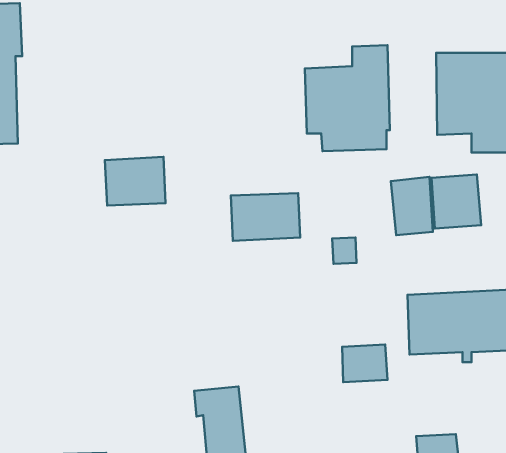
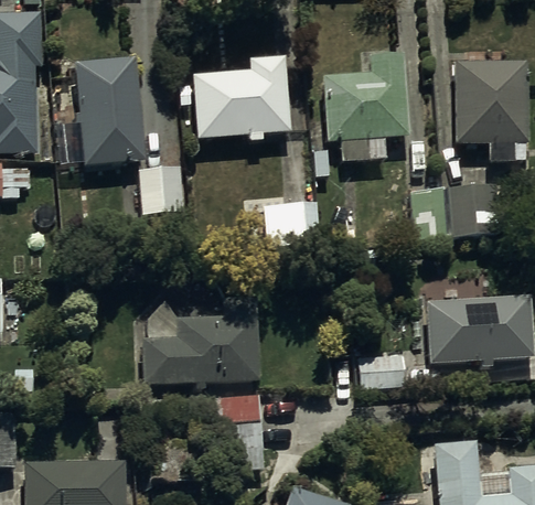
building: none -> [75,56,147,168]
building: none -> [193,58,290,143]
building: none -> [141,294,256,384]

